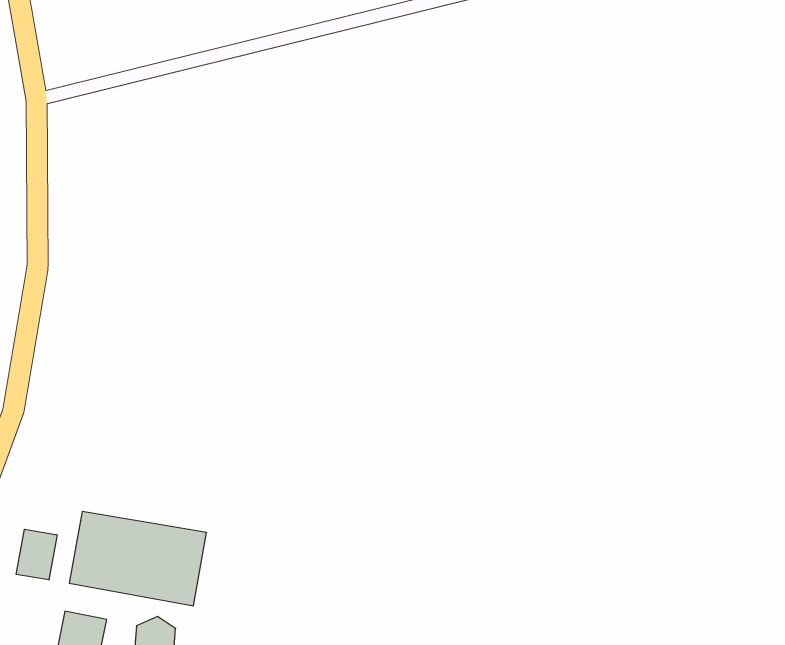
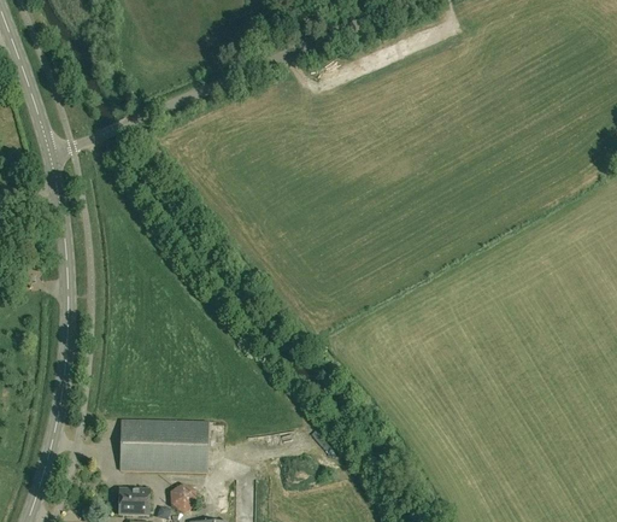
building: [16,529,57,580] -> none

